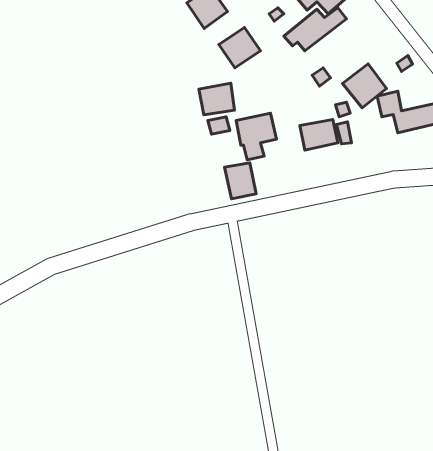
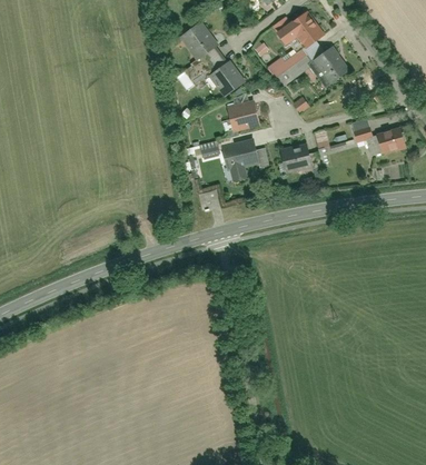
building: [342,64,387,108] -> [309,46,349,86]
building: [199,83,235,115] -> [229,101,261,130]
building: [224,163,256,199] -> none

